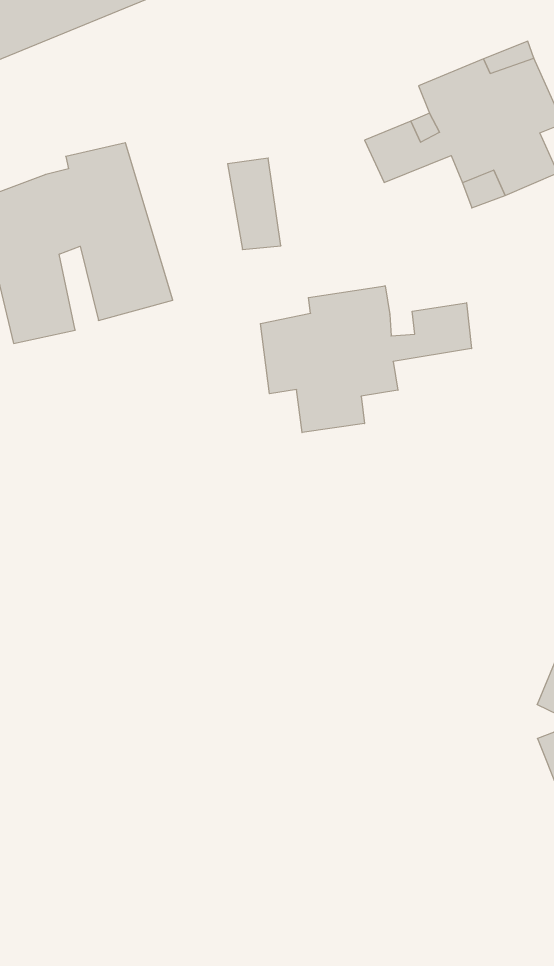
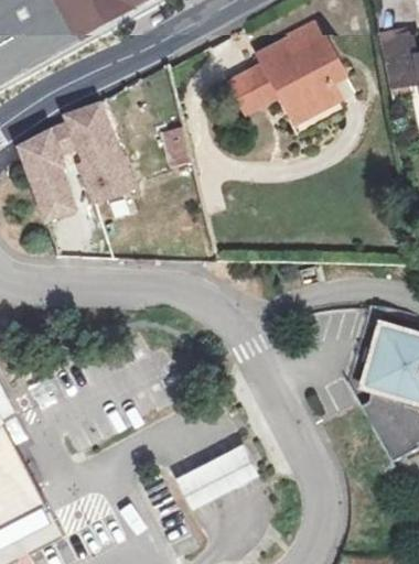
building: [260,286,472,433] -> none
building: none -> [171,445,257,512]

